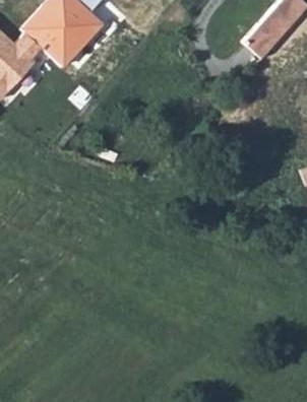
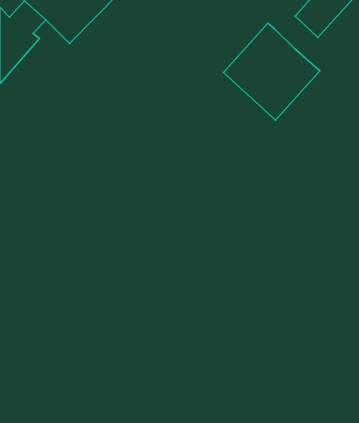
building: none -> [224,23,320,120]

